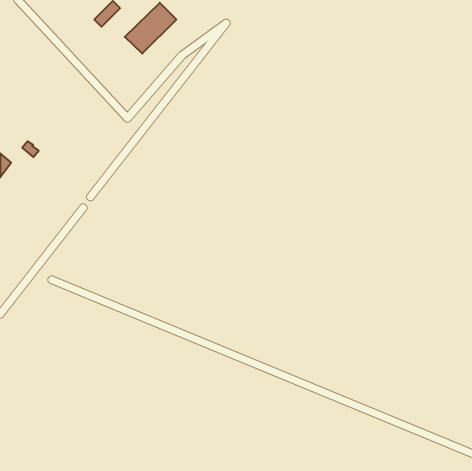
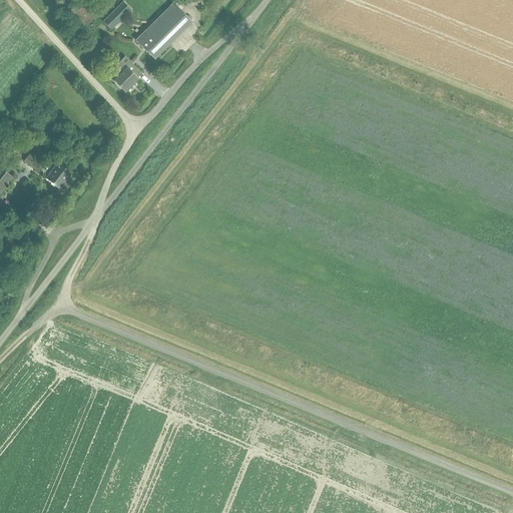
building: none -> [113,56,141,92]
building: none -> [45,161,72,188]

